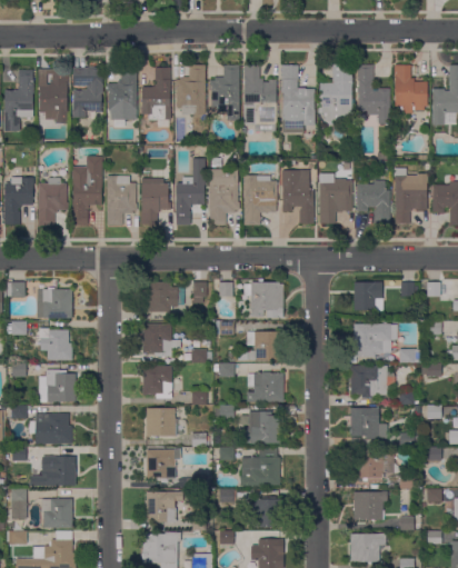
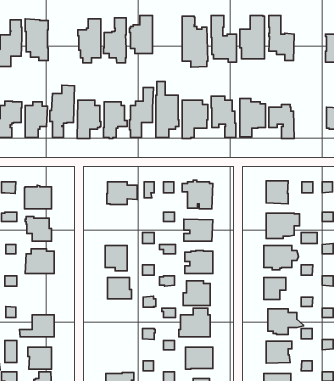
building: [209,64,239,121] -> none
building: [394,66,428,113] -> none
building: [72,67,102,118] -> none
building: [395,168,427,225] -> none
building: [142,323,180,357] -> none
building: [29,412,72,445] -> none
building: [145,449,180,480] -> none
building: [146,491,183,522] -> none

